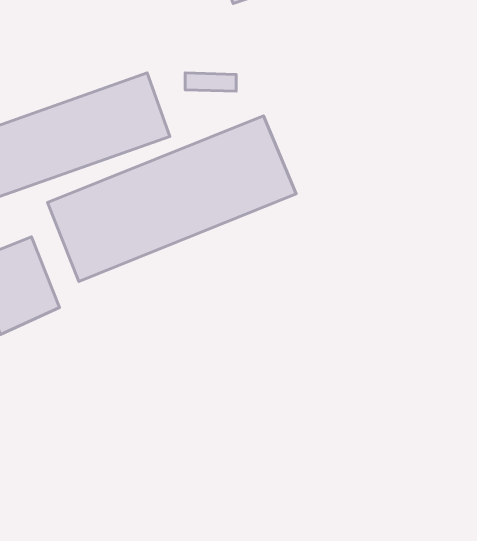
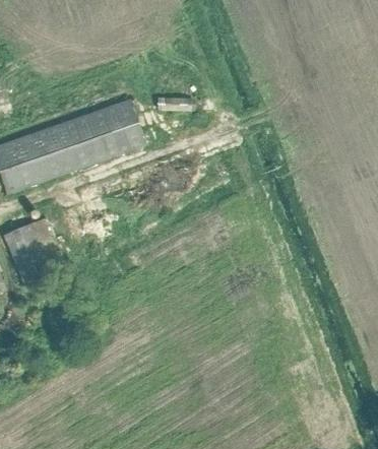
building: [48,116,296,281] -> none

